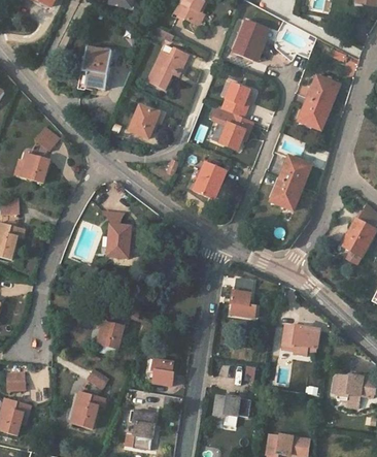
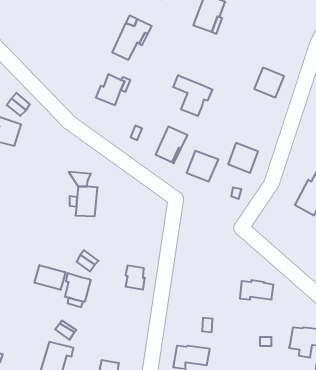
building: [82,46,112,89] -> none
building: [307,74,339,107] -> none
building: [220,80,249,117] -> none
building: [278,155,312,188] -> [187,151,218,182]
building: [230,278,255,317] -> none
building: none -> [35,265,65,290]
building: [152,359,173,385] -> [126,265,145,290]

